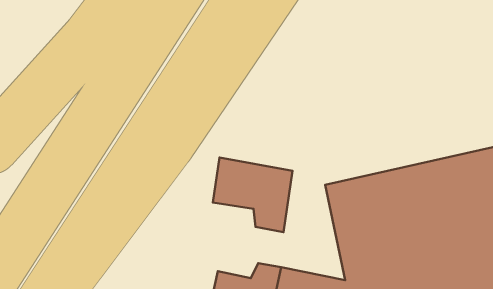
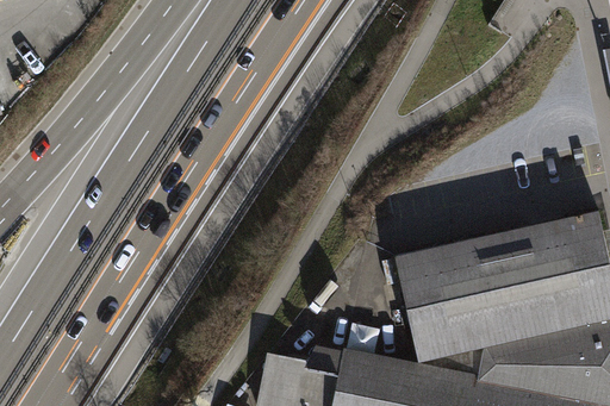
building: [213,157,293,232] -> none

